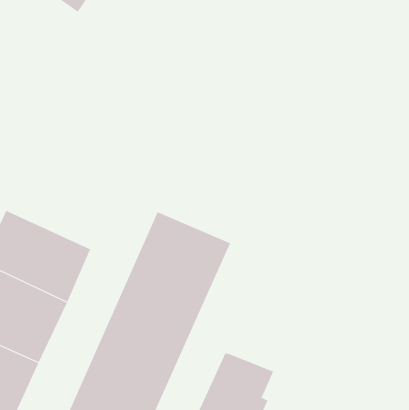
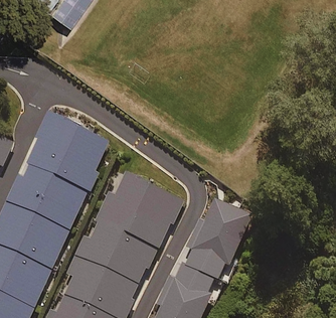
building: none -> [21,120,104,196]
building: none -> [178,204,245,286]

